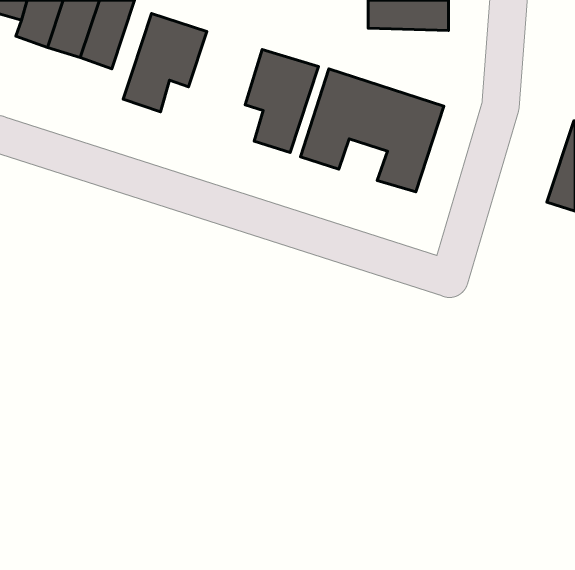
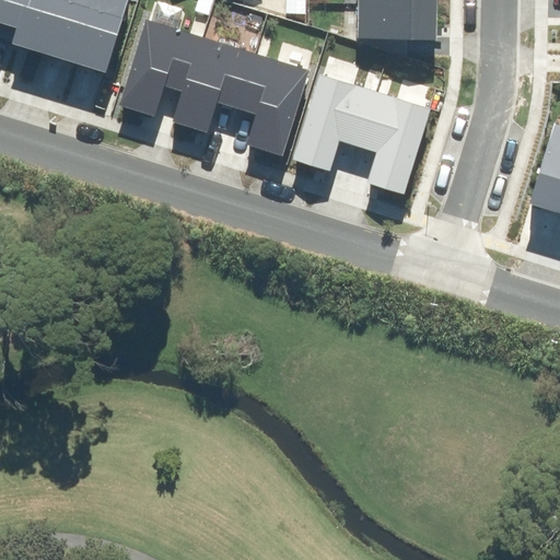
building: none -> [173,37,254,131]

